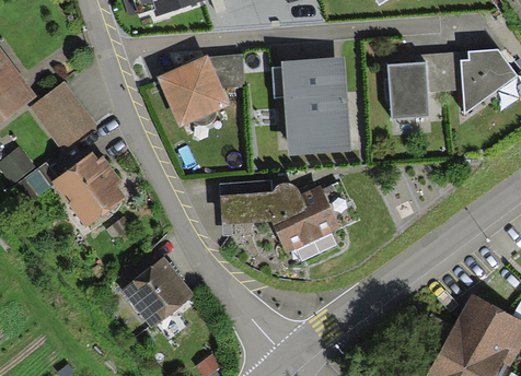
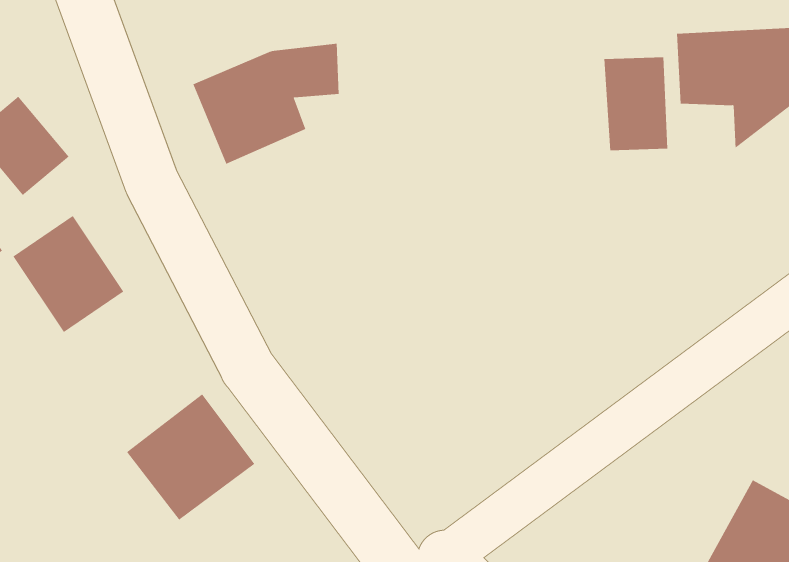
building: [275,64,341,145] -> none
building: [222,186,335,249] -> none

